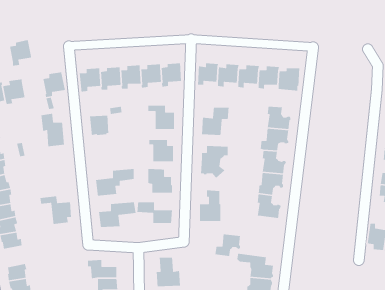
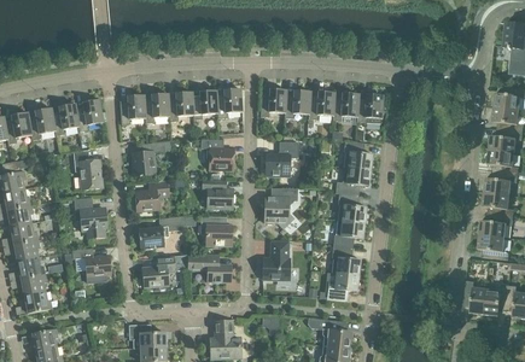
building: [9,39,32,66] -> [52,103,80,135]
building: none -> [135,180,169,211]
building: none -> [74,197,106,237]
building: [215,234,241,257] -> [327,273,358,300]

